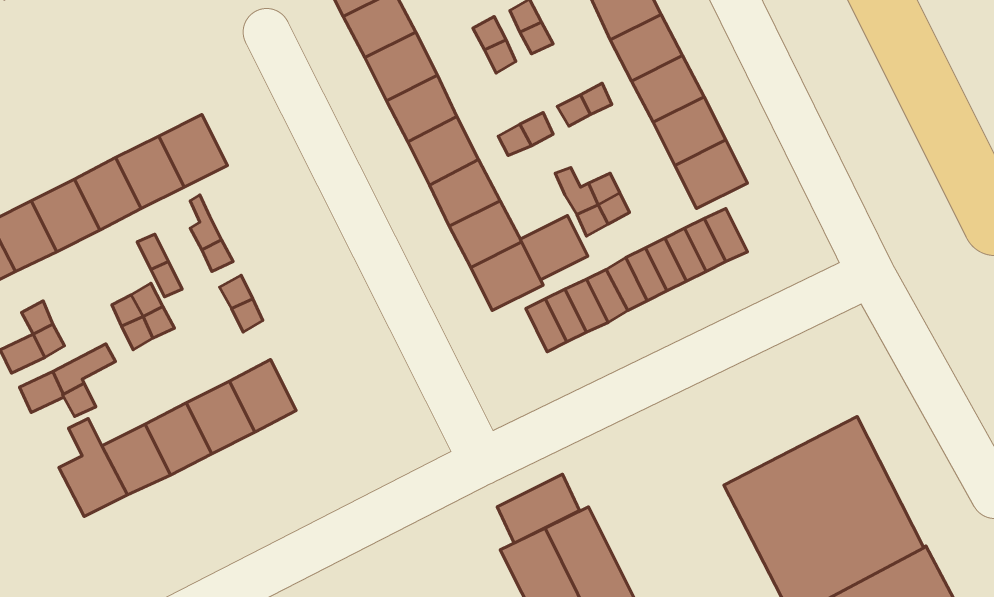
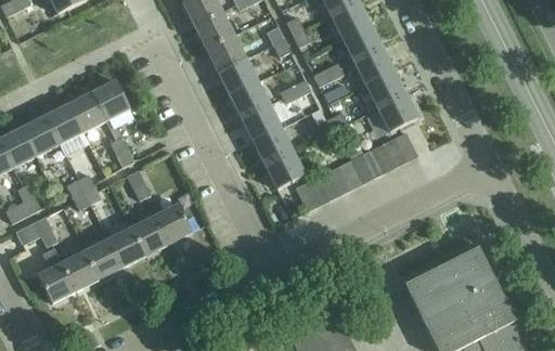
building: [520,216,588,280] -> none
building: none -> [154,204,192,244]
building: [497,474,580,543] -> none

